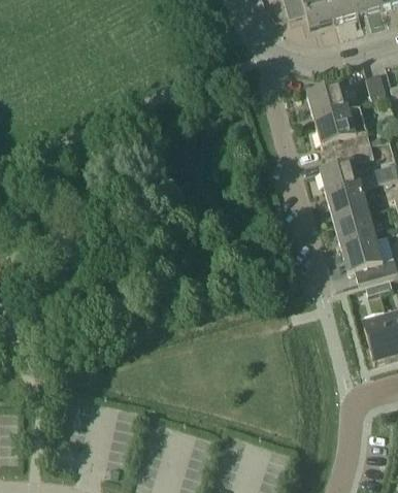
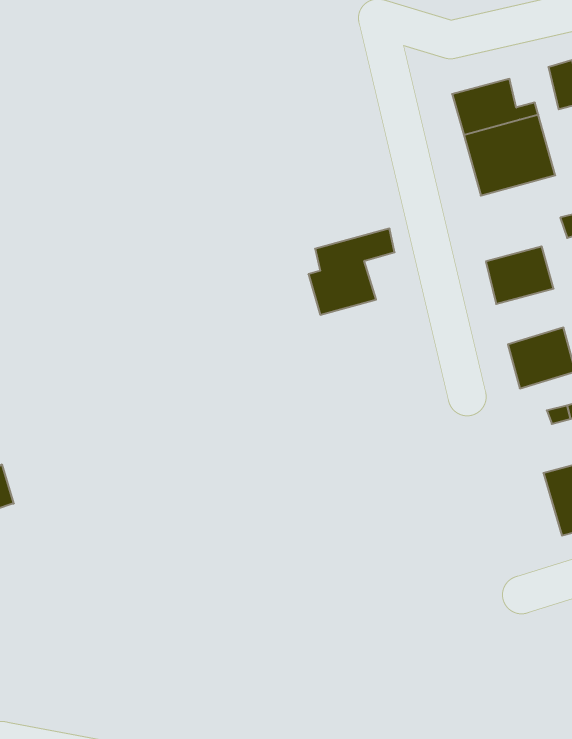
building: [321,141,373,194] -> [308,229,395,315]
building: [334,210,375,244] -> none

